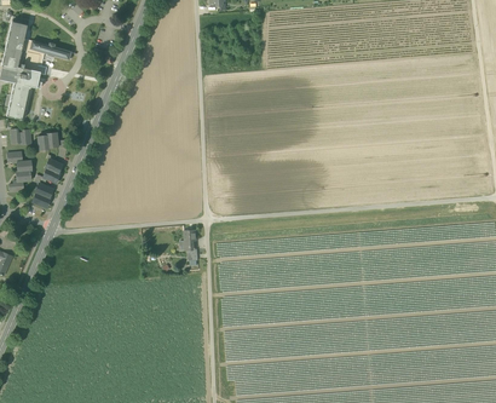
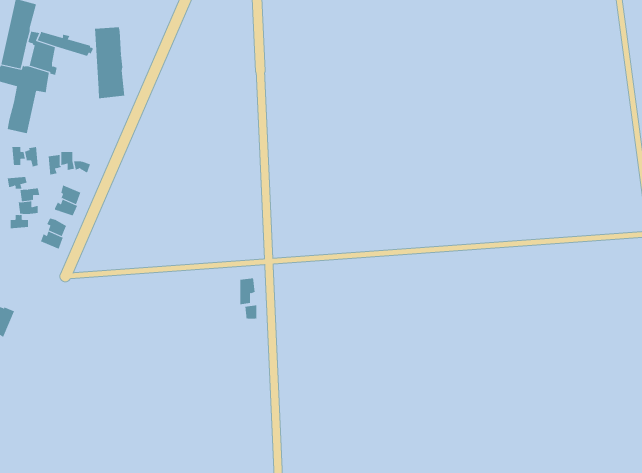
building: none -> [95,26,125,99]

